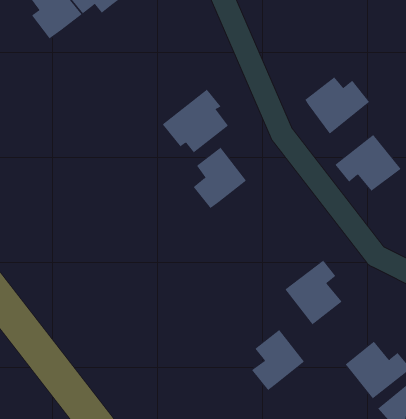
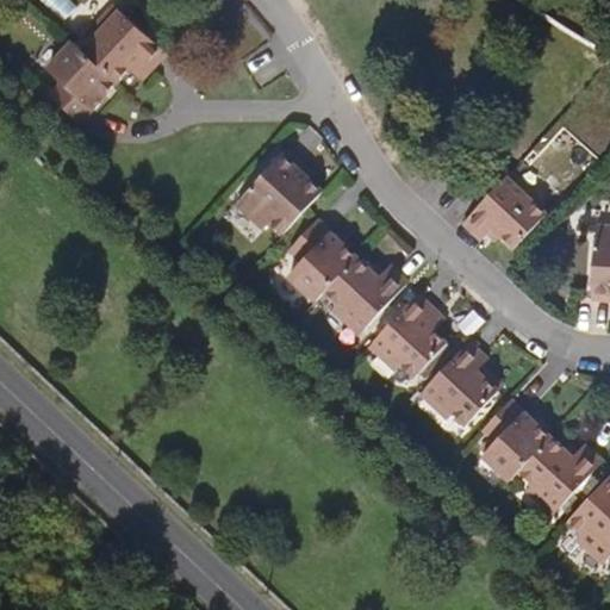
building: [304,77,370,134] -> none
building: none -> [323,259,406,330]
building: none -> [373,297,446,380]
building: [251,329,305,391] -> [480,399,546,479]

